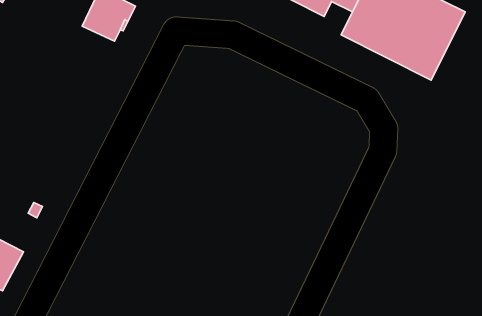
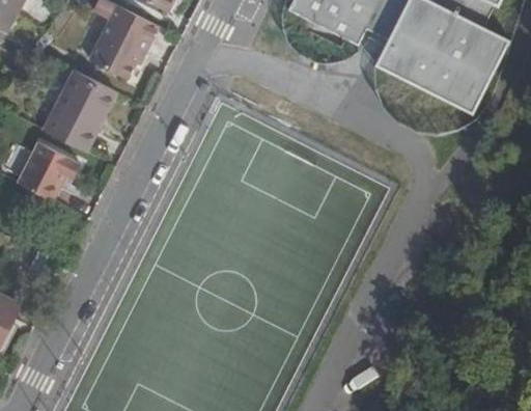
building: none -> [43,66,115,149]
building: none -> [22,143,80,198]

